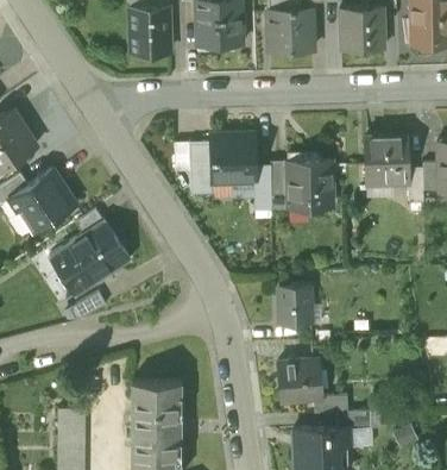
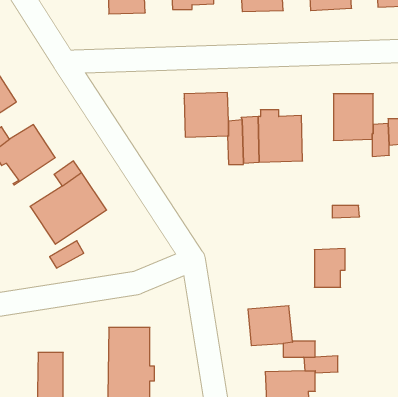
building: [189,143,212,192] -> none
building: [279,286,311,326] -> [314,249,345,287]

